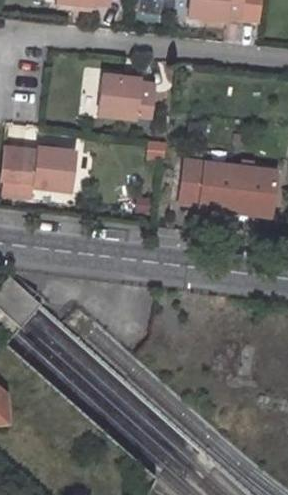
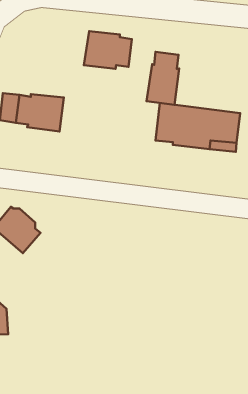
building: none -> [147,52,179,105]

